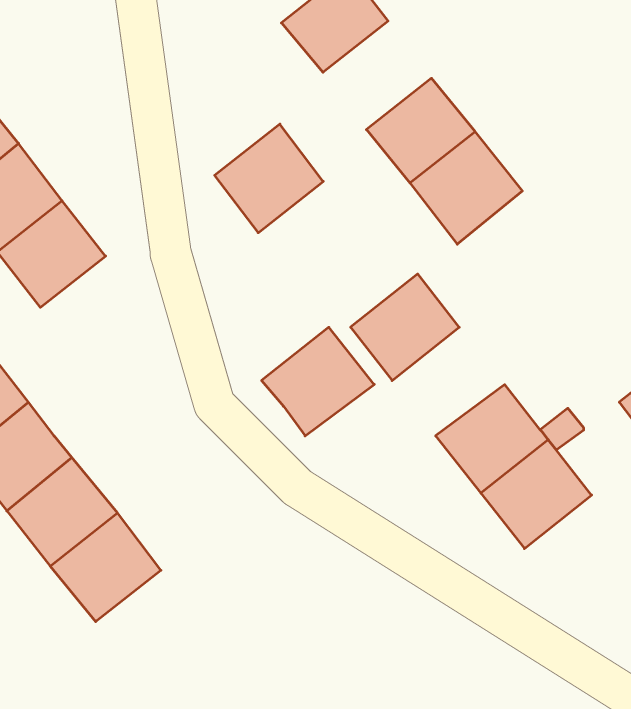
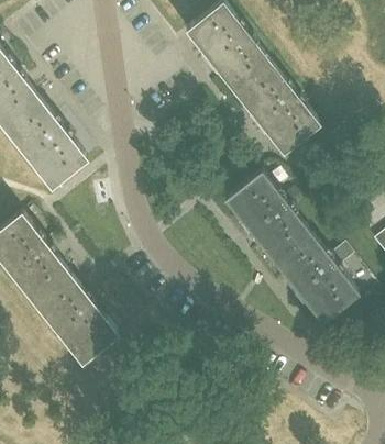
building: [215,124,323,233] -> [208,29,268,89]
building: [262,327,374,436] -> [246,199,309,259]

